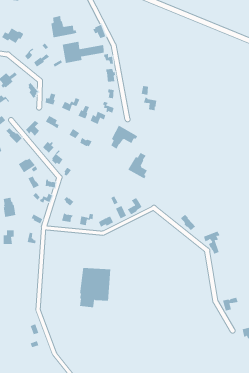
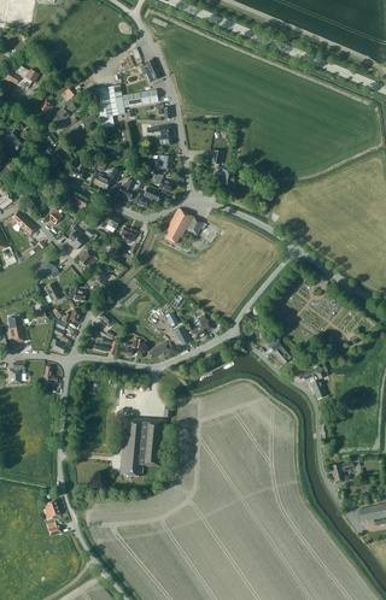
building: [51,15,77,38] -> none
building: [127,152,148,179] -> none

